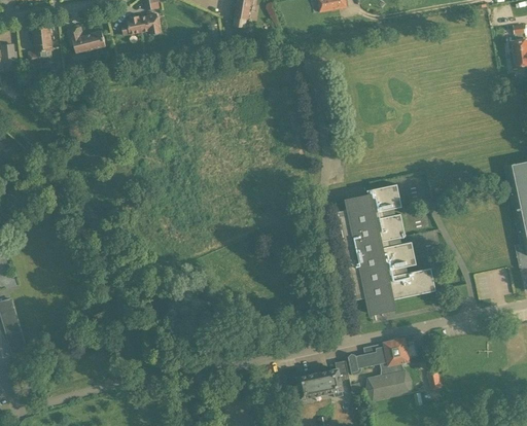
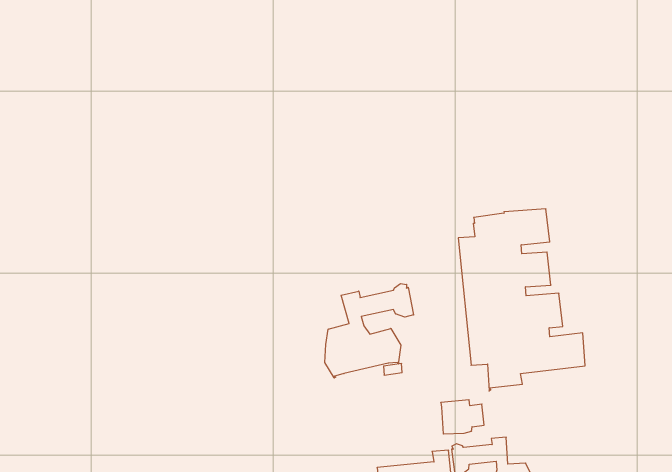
building: none -> [325,284,414,378]
building: [385,339,417,364] -> [441,400,484,434]

